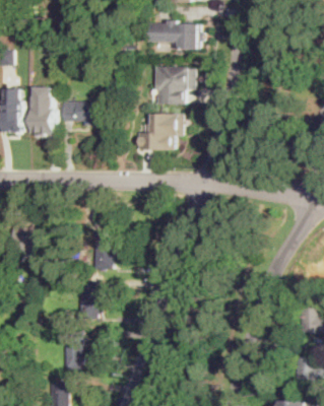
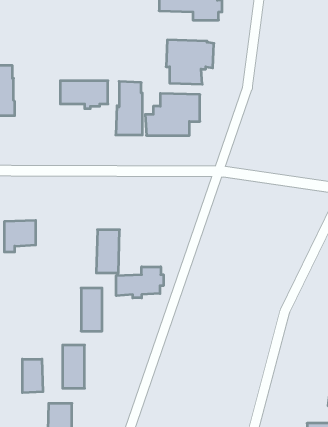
building: [28,86,52,133] -> [116,81,142,135]
building: none -> [116,267,163,298]
building: none -> [22,359,43,393]

